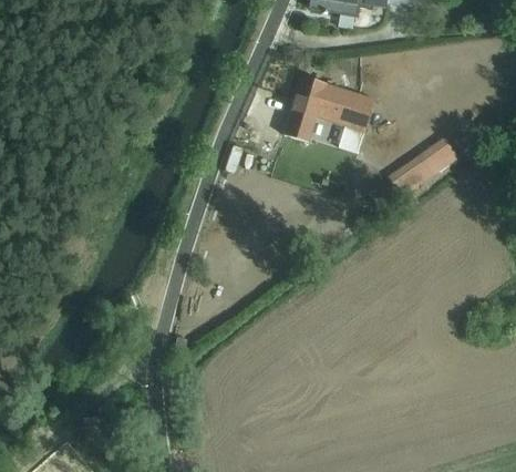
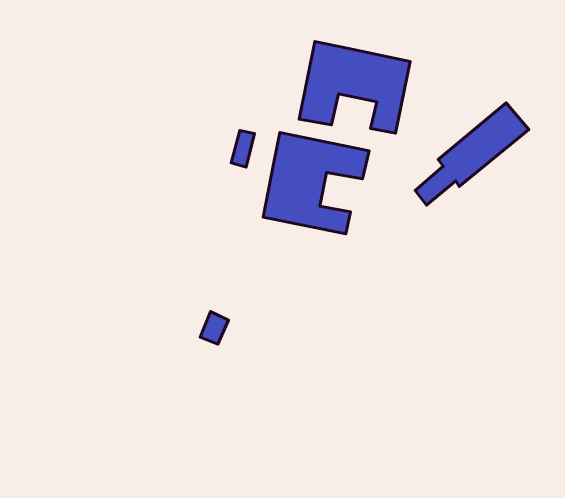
building: none -> [263,133,369,234]

